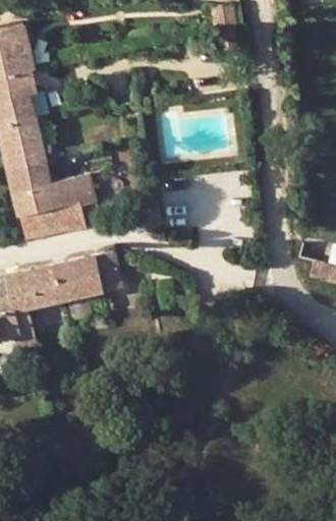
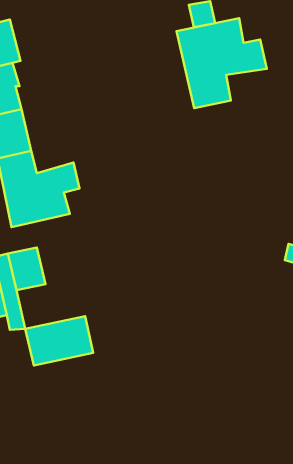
building: none -> [177,18,267,108]
building: [51,250,122,302] -> [25,316,93,365]

